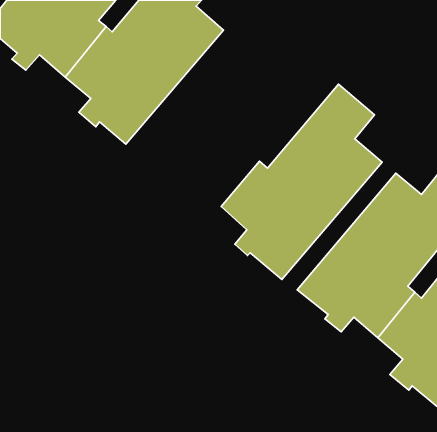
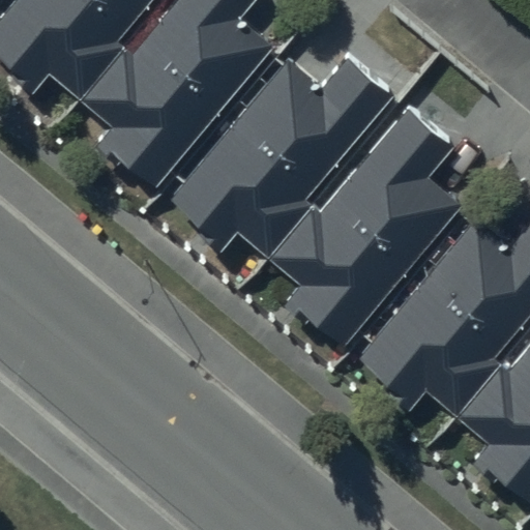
building: none -> [170,57,393,257]

